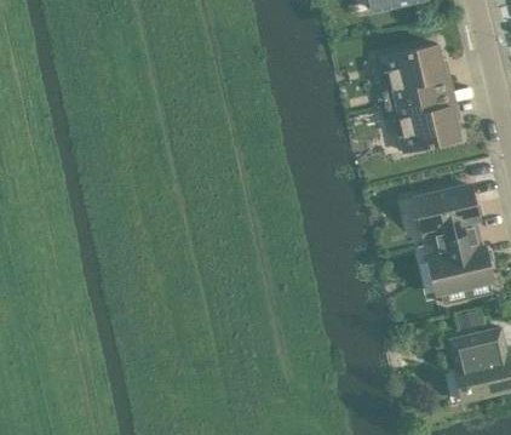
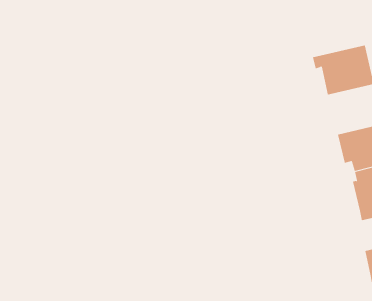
building: [381,42,449,104] -> none

